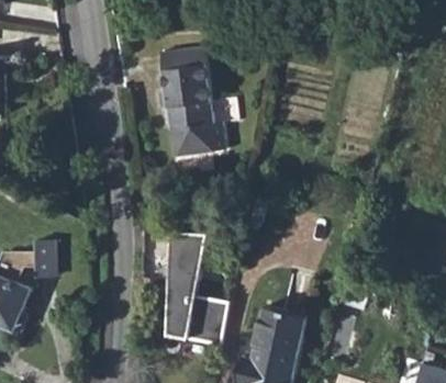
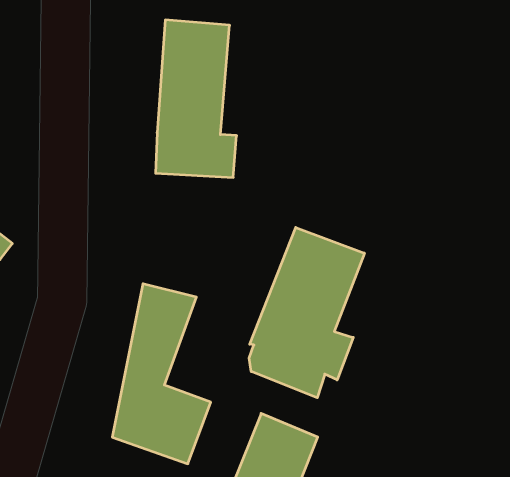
building: none -> [249,227,364,398]

